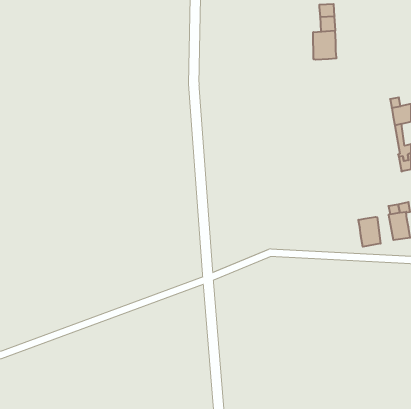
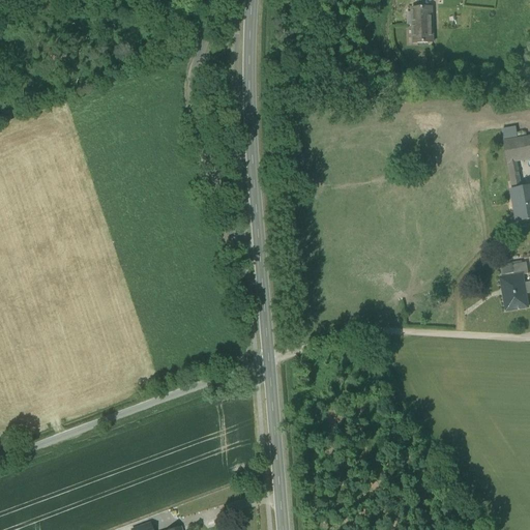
building: [313,31,336,60] -> none
building: [358,217,381,247] -> none

